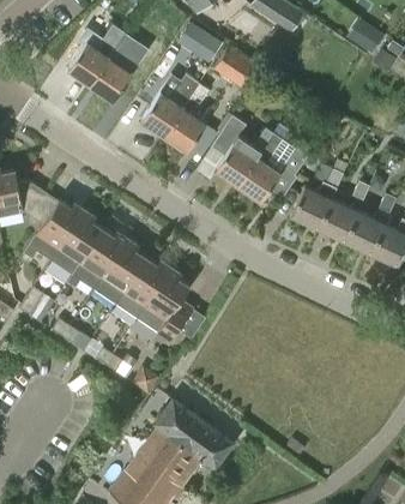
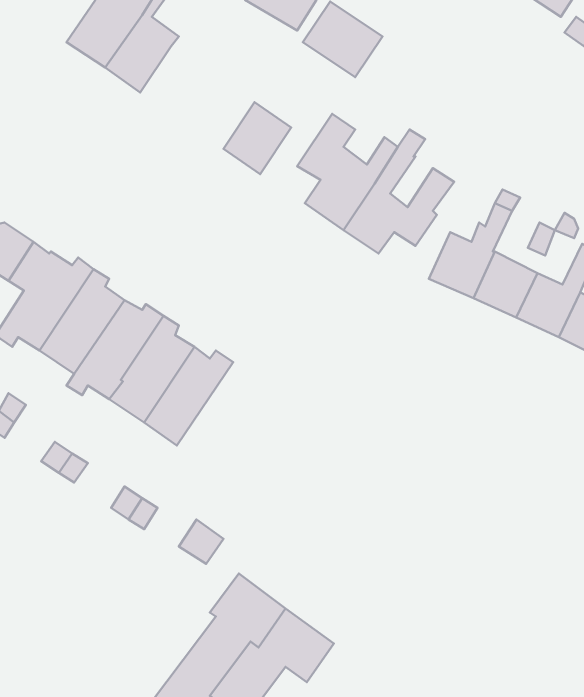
building: [138,67,198,136] -> none
building: [135,268,191,338] -> none

